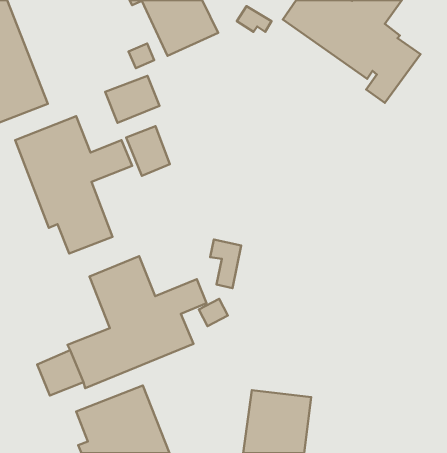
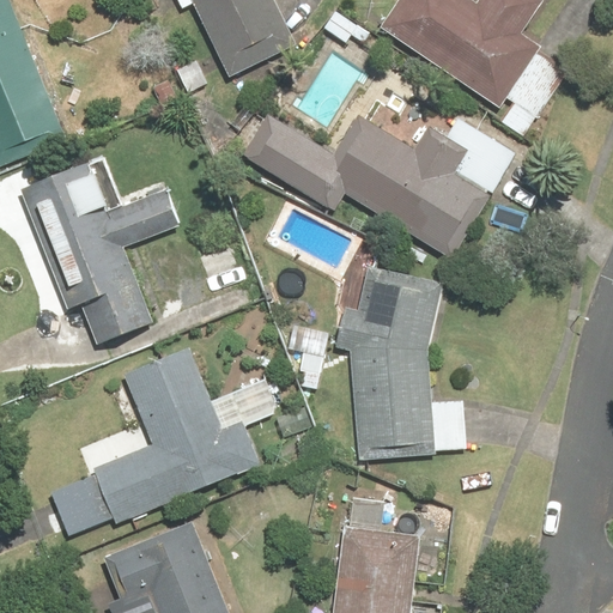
building: [105,76,160,123] -> none
building: none -> [241,111,512,256]
building: [126,126,170,176] -> none
building: none -> [330,263,467,455]

